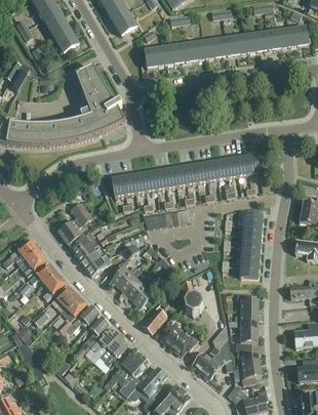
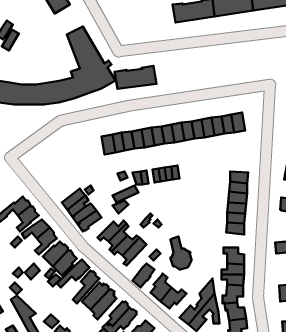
building: [144,42,187,66] -> [115,66,156,89]
building: [57,201,91,243] -> none

